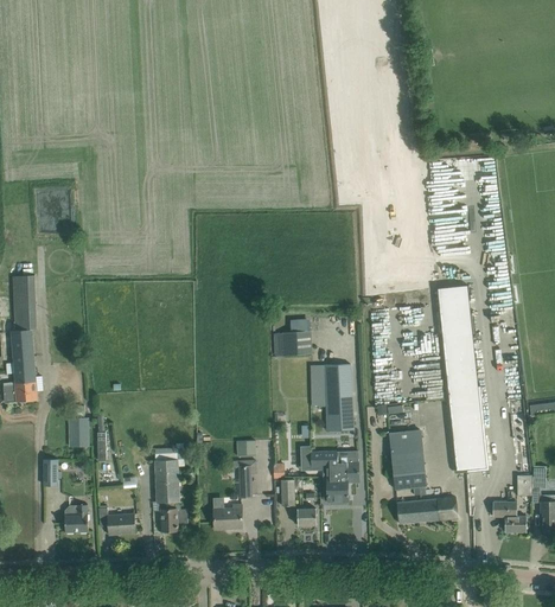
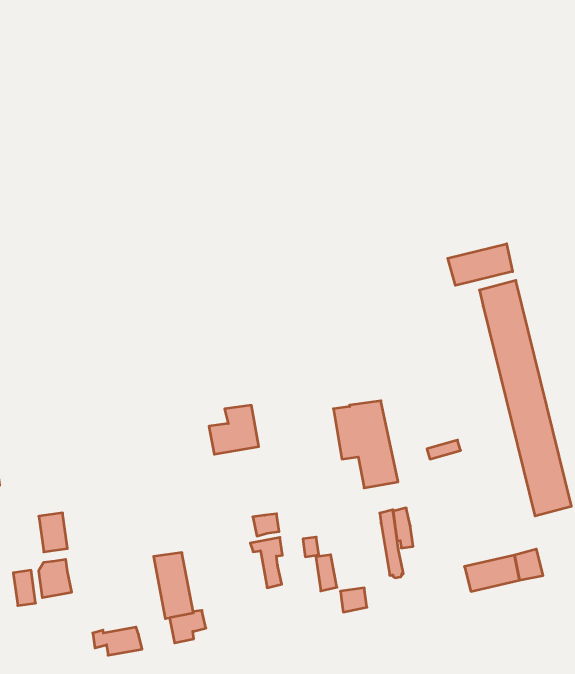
building: none -> [448,244,513,285]
building: [273,321,310,356] -> [209,405,259,454]
building: [389,429,425,496] -> none
building: [301,452,337,504] -> none
building: [212,498,242,529] -> none
building: [64,505,88,532] -> [39,559,72,598]

